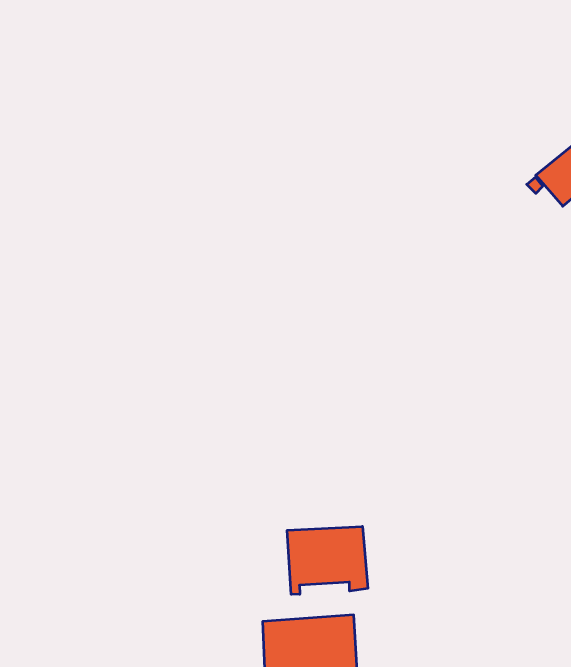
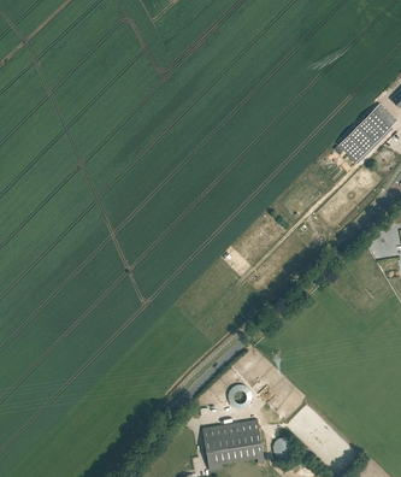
building: [287,526,368,594] -> none

